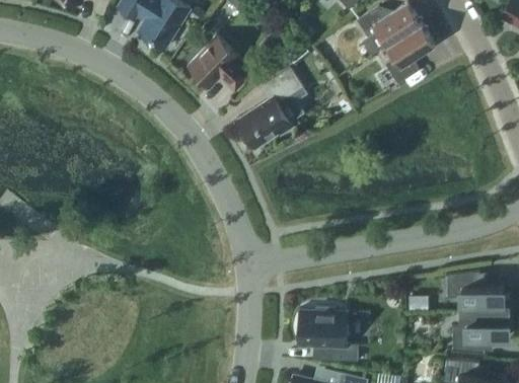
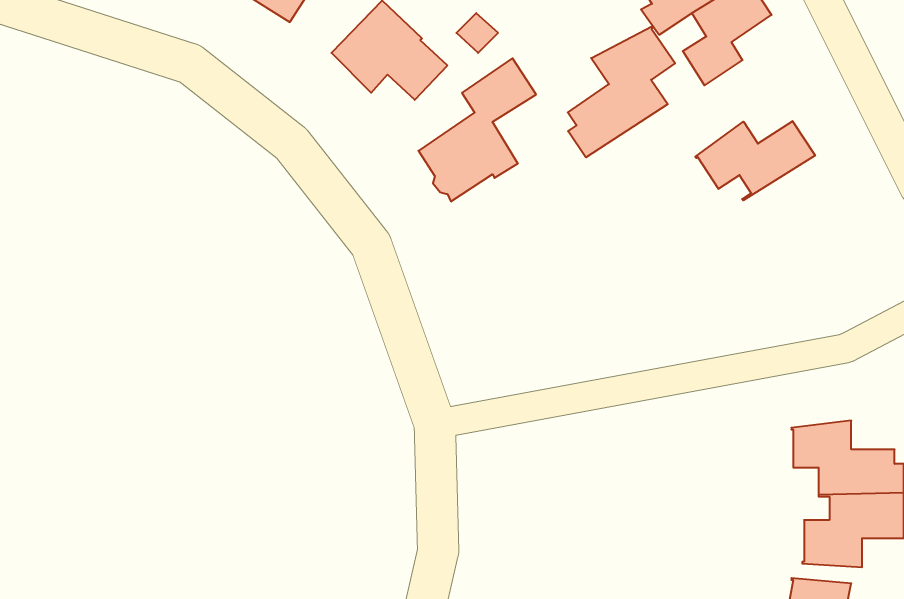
building: none -> [568,26,675,157]
building: none -> [695,121,815,200]
building: [298,306,359,361] -> none

